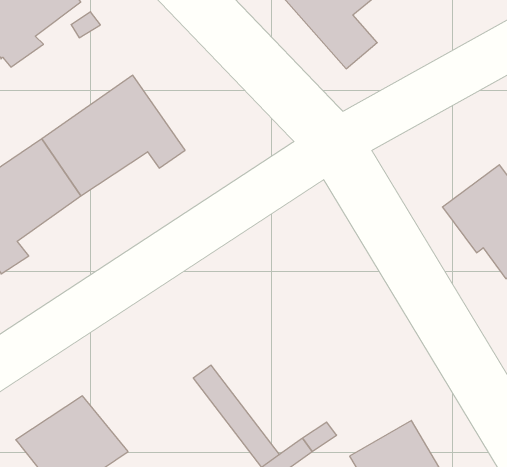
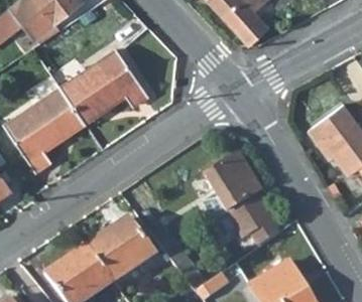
building: none -> [204,153,279,247]
building: none -> [85,219,153,281]

